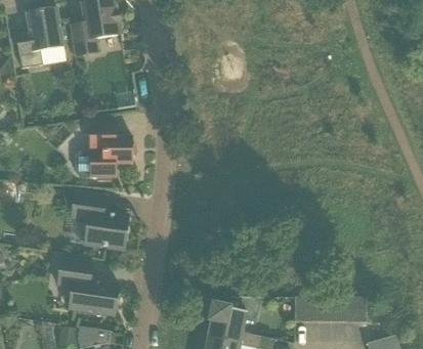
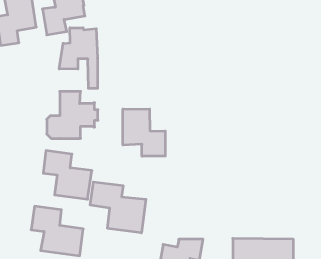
building: none -> [59,28,98,88]
building: none -> [123,109,165,156]
building: none -> [90,182,146,233]

